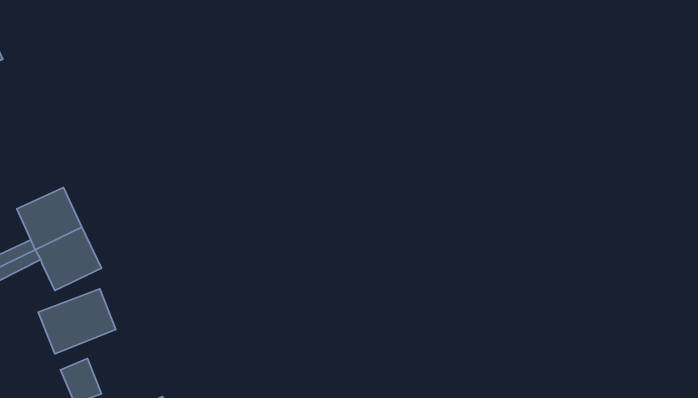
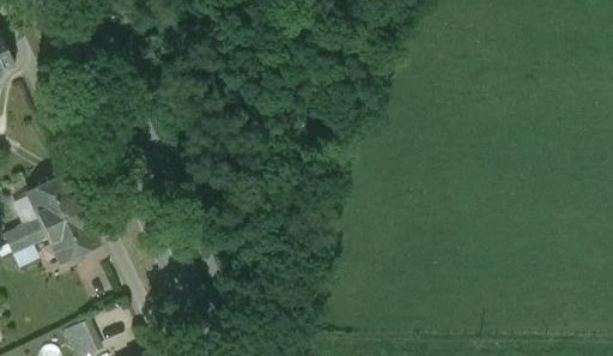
building: [38,289,116,354] -> none

